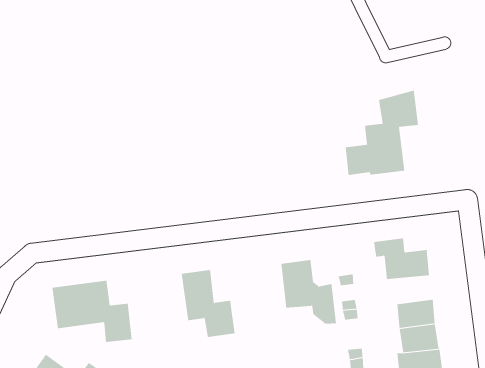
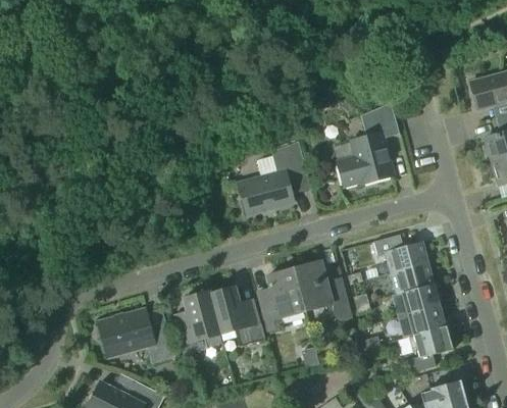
building: none -> [238,141,306,214]
building: none -> [262,267,305,330]
building: none -> [176,291,220,354]
building: none -> [390,263,434,294]

